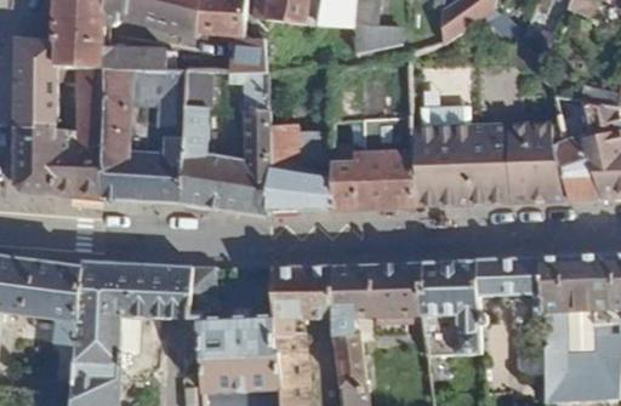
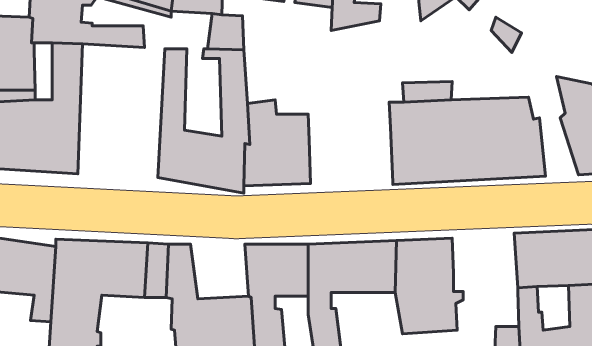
building: [101,67,188,200] -> none
building: [556,99,602,199] -> none
building: [332,150,416,206] -> none
building: [475,256,541,314] -> none

